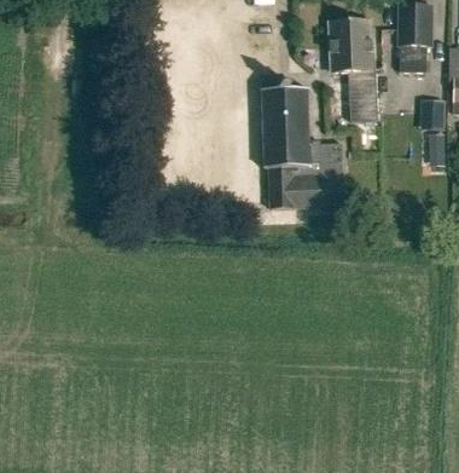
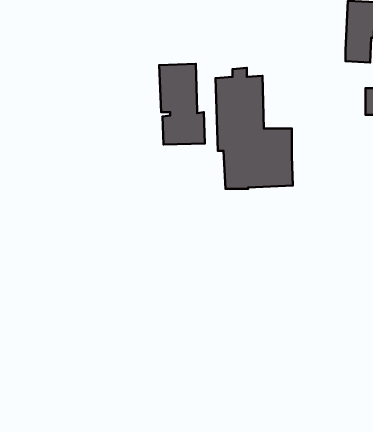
building: [329,19,378,106] -> [159,64,205,144]

